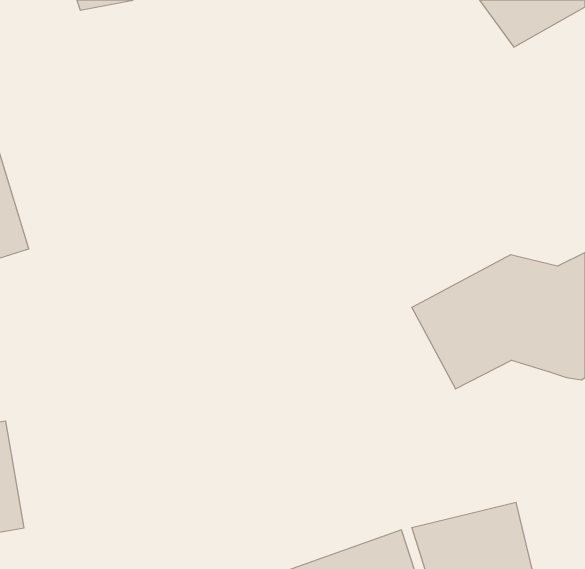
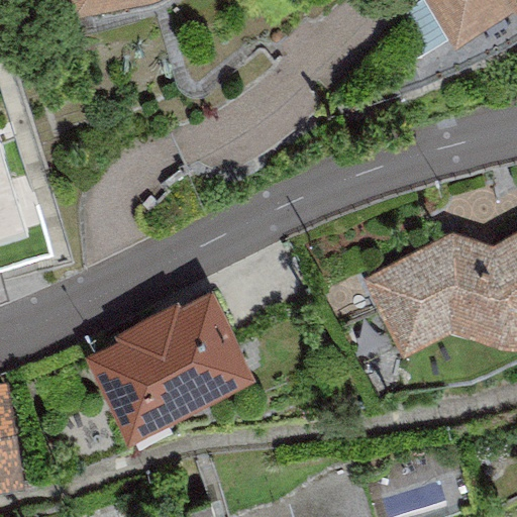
building: none -> [85,295,249,436]

